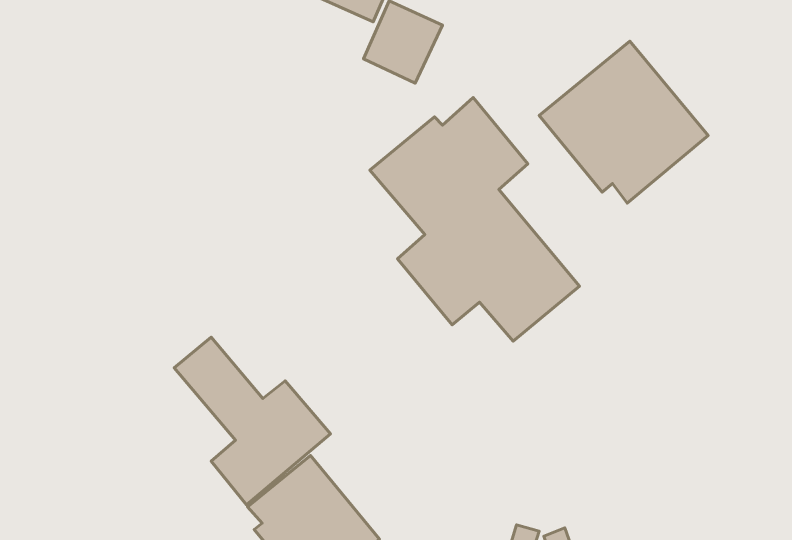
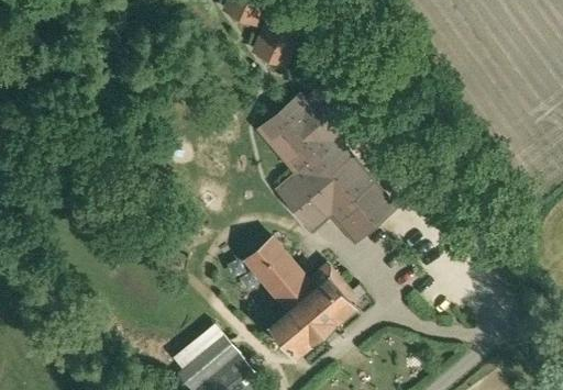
building: [539,41,708,203] -> none
building: [174,337,330,505] -> [246,239,353,354]

